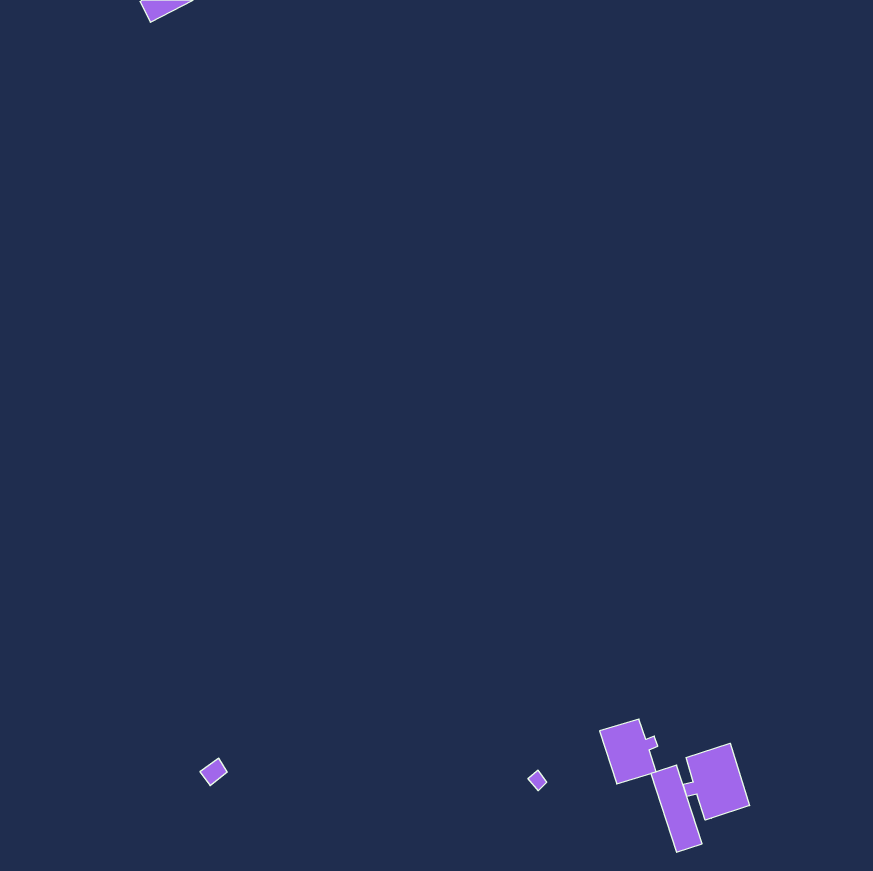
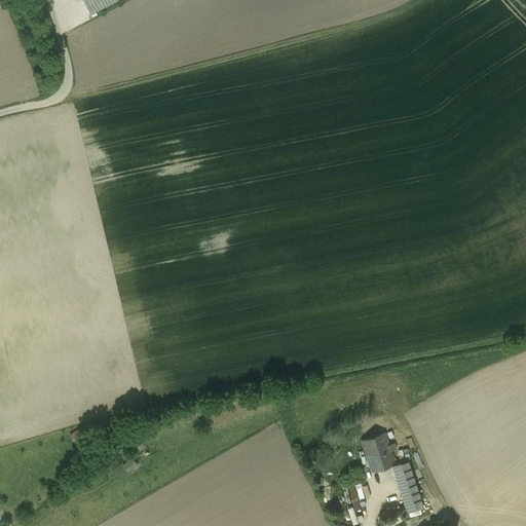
building: [683,743,750,820] -> none

